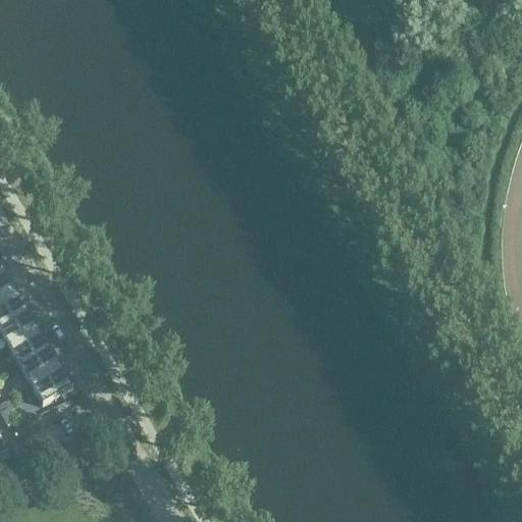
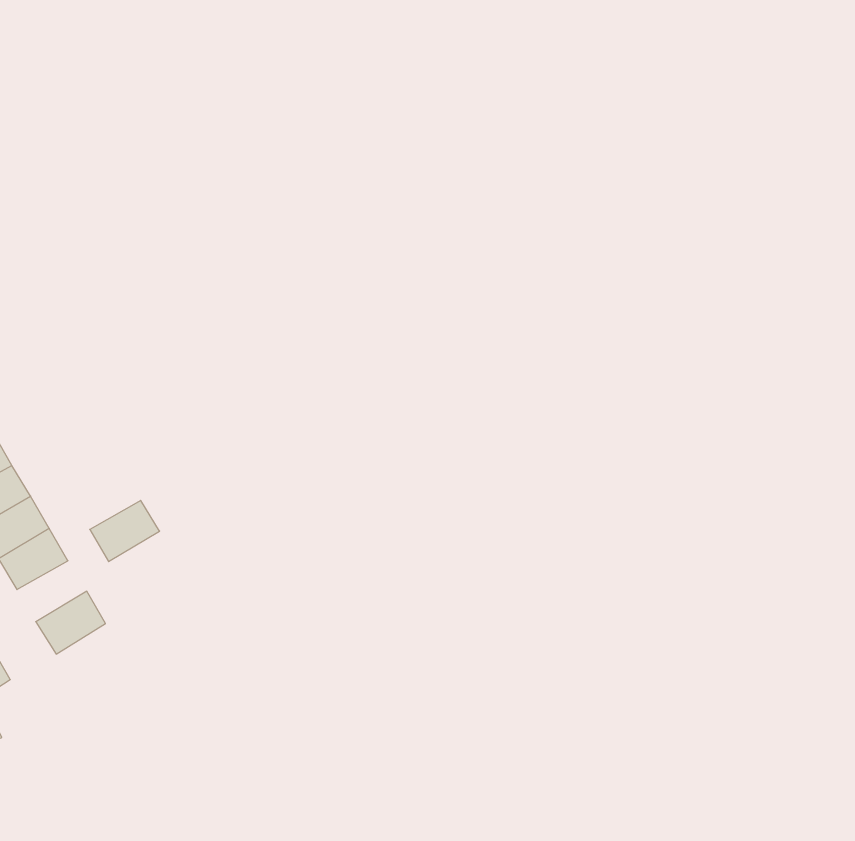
building: [10,336,52,373] -> [90,500,160,562]

